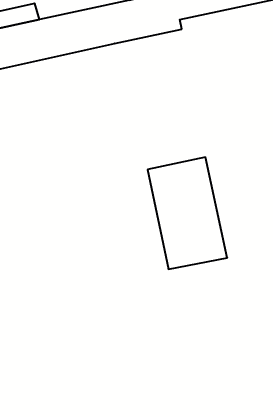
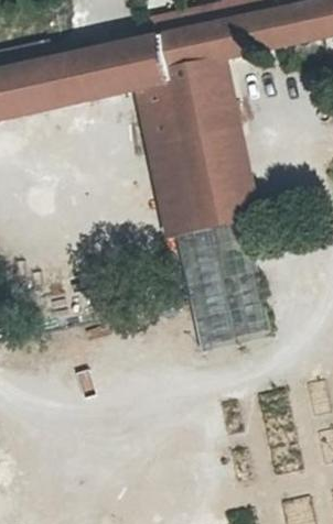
building: none -> [138,70,249,234]

